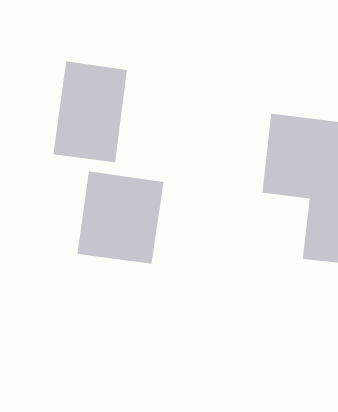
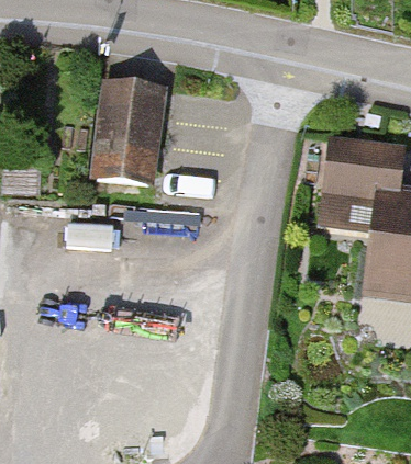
building: [76,170,165,264] -> none

